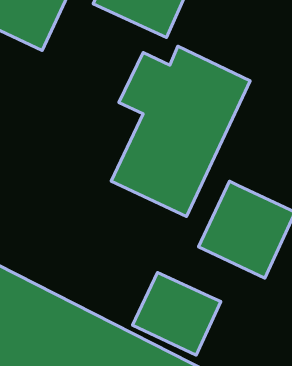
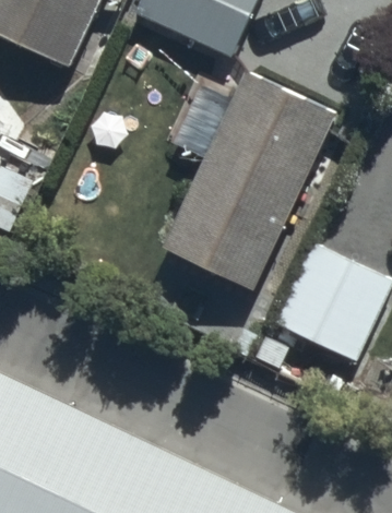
building: [132,272,221,355] -> none

